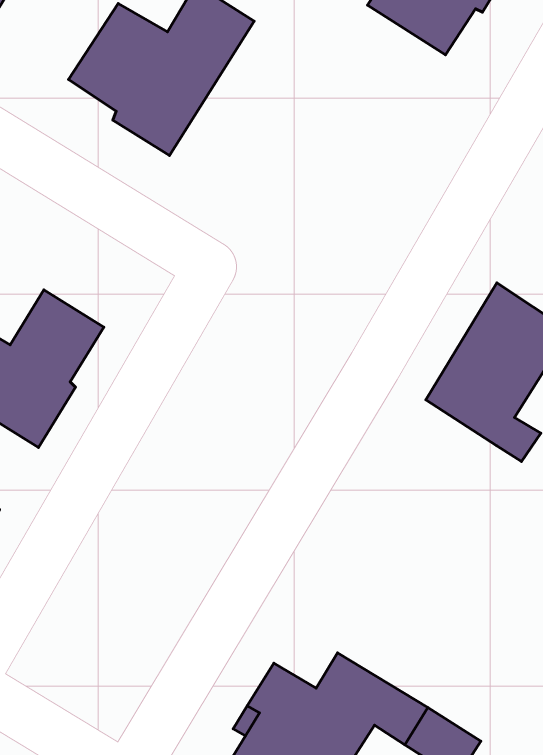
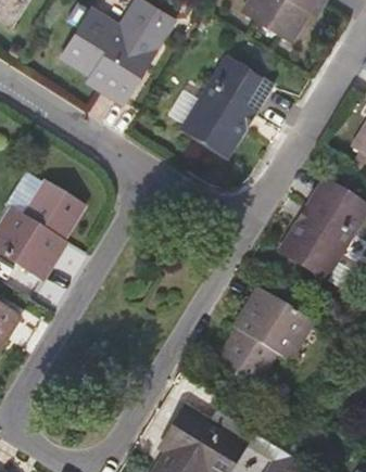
building: none -> [167,59,270,156]
building: none -> [216,286,310,383]

